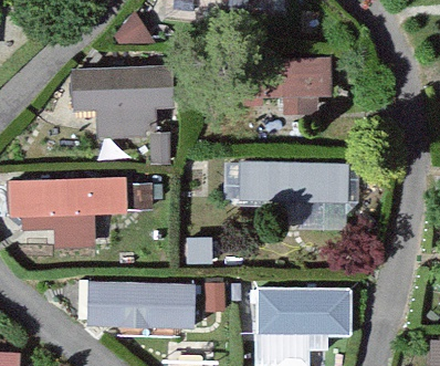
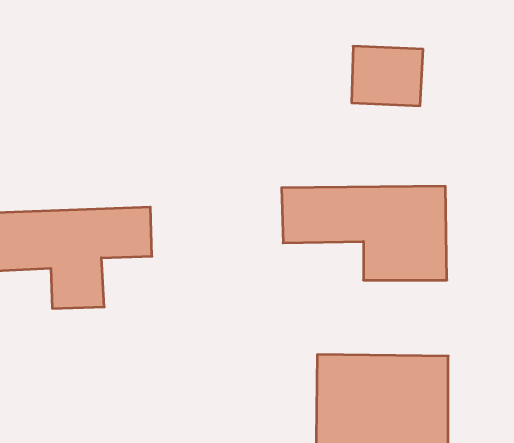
building: [69,66,171,132] -> none
building: [82,281,199,334] -> none

